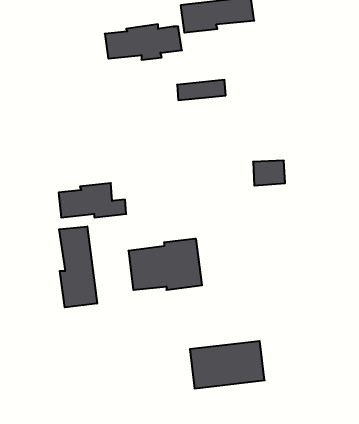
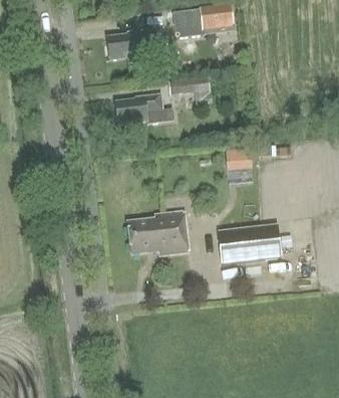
building: [59,183,126,217] -> [115,93,173,123]
building: [59,226,97,307] -> none
building: [190,341,265,388] -> [217,222,280,262]

